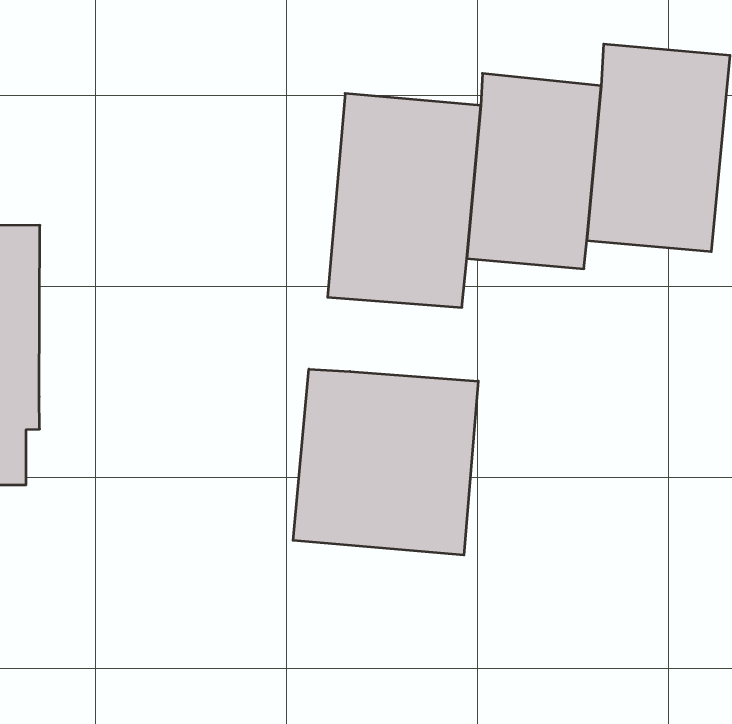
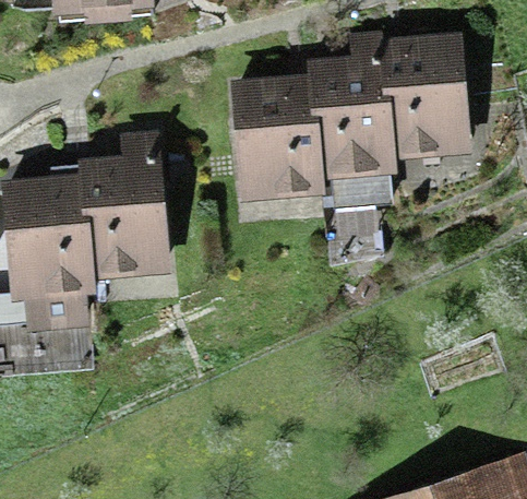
building: none -> [75,154,163,276]
building: [293,369,478,555] -> none

